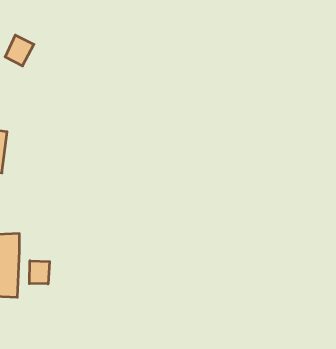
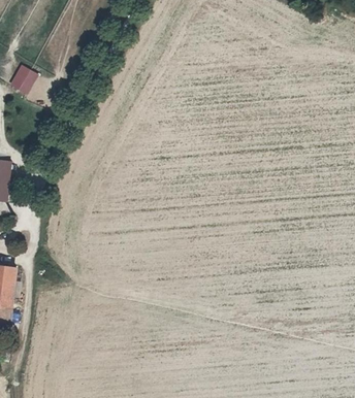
building: [29,261,50,284] -> none

